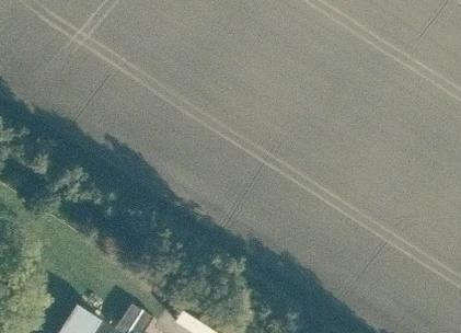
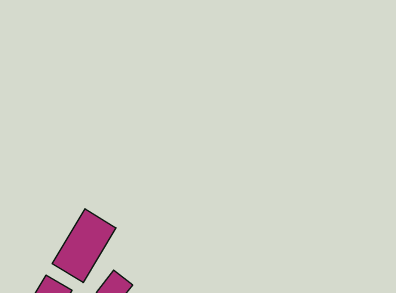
building: none -> [52,209,116,283]

